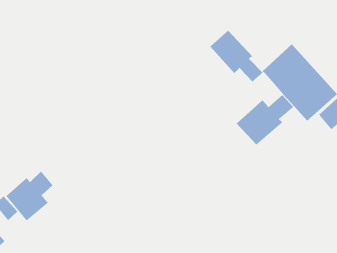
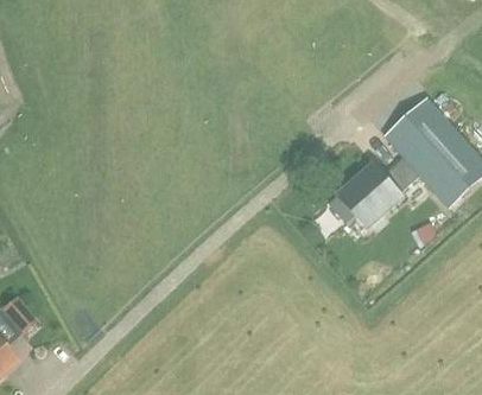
building: [209,30,263,82] -> none
building: [5,171,53,222] -> none

